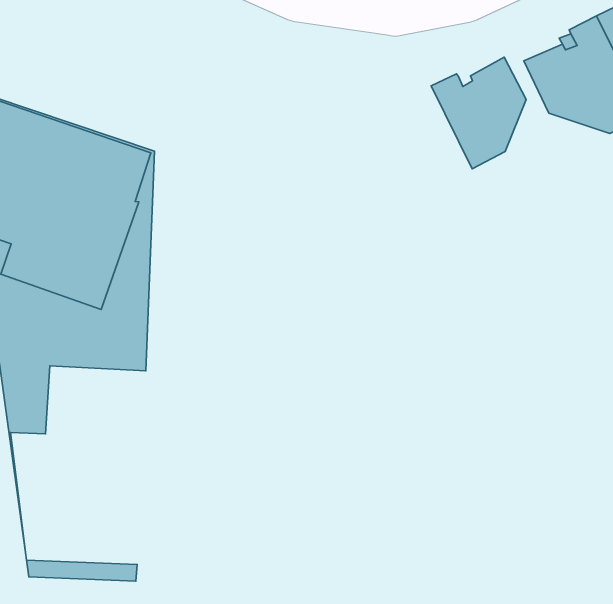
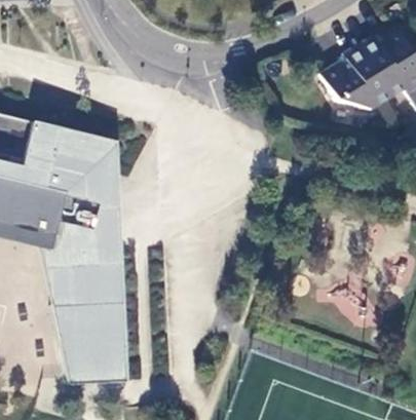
building: [431,57,526,169] -> none
building: none -> [52,264,129,375]

